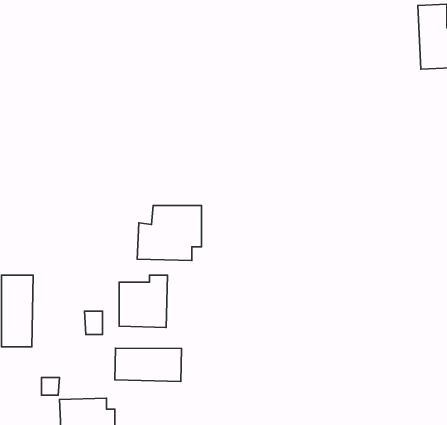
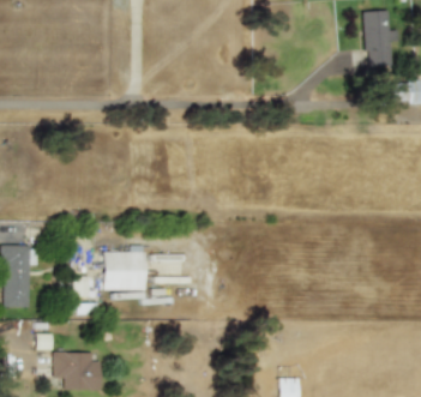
building: [137,205,201,261] -> none
building: [115,348,182,382] -> none

